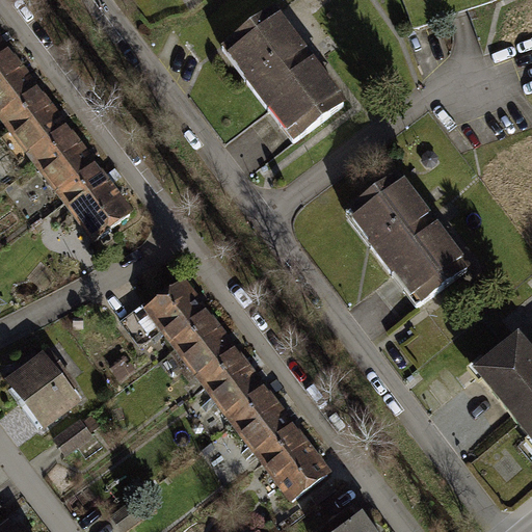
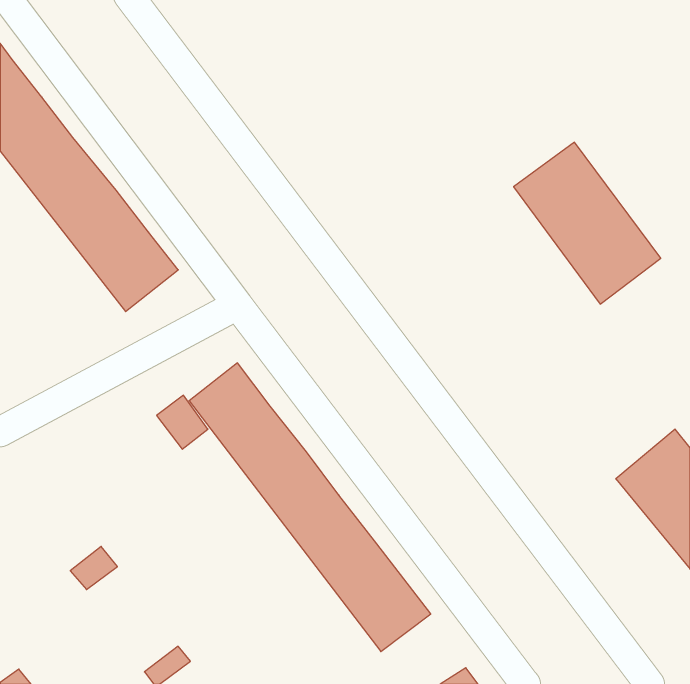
building: [221,9,335,134] -> none
building: [354,176,468,300] -> [514,142,661,304]
building: [6,350,80,427] -> none

